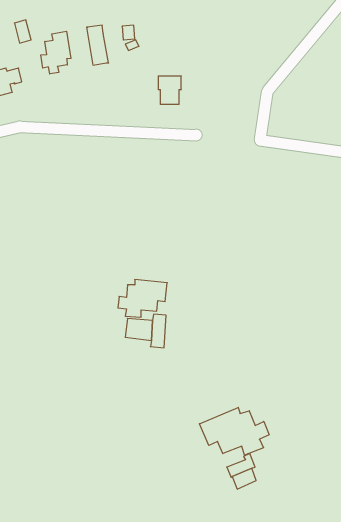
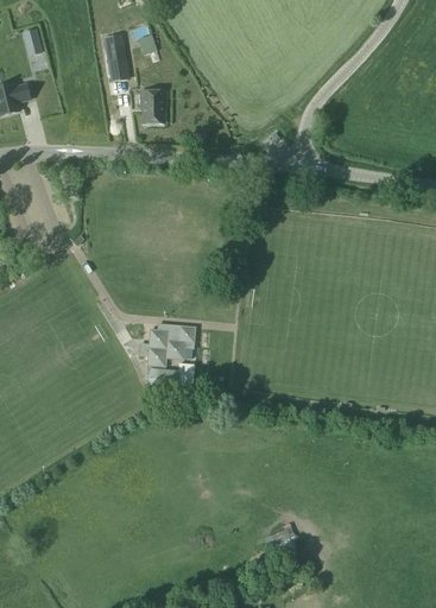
building: [41,31,71,74] -> none
building: [158,76,181,104] -> [140,90,166,122]
building: [199,407,269,455] -> none

